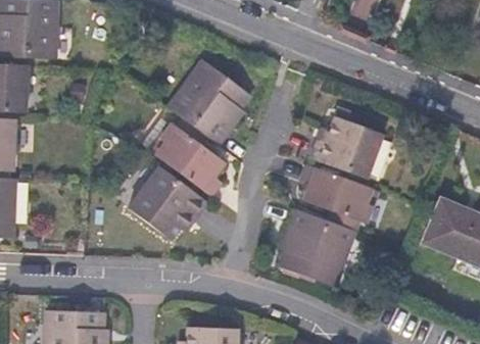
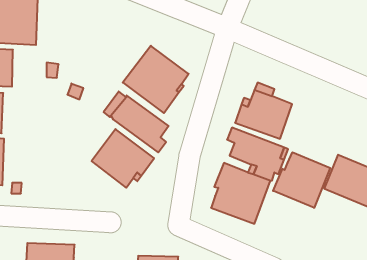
building: none -> [273,152,330,208]

